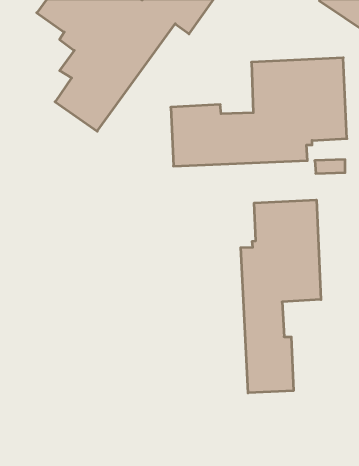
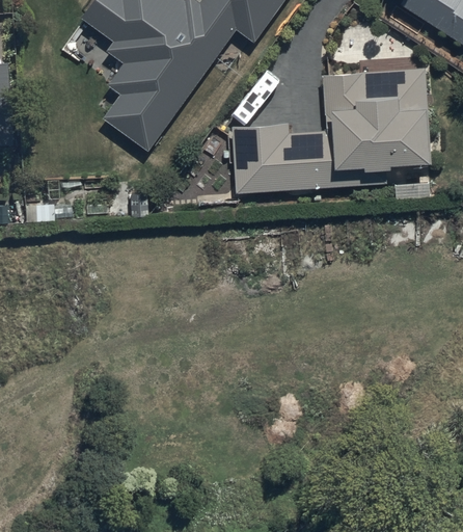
building: [241,200,321,393] -> none

